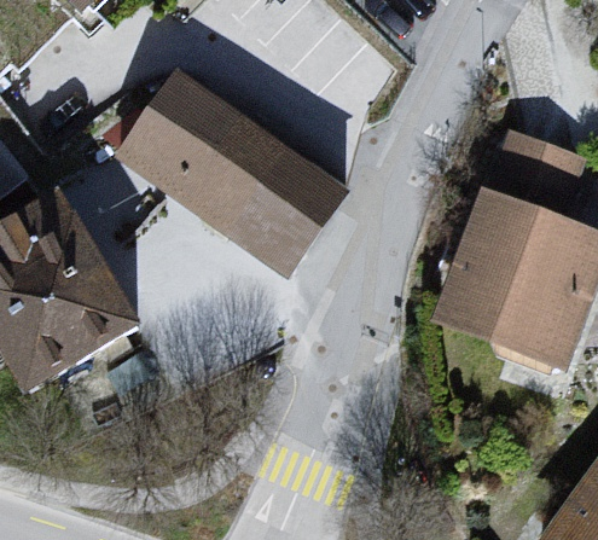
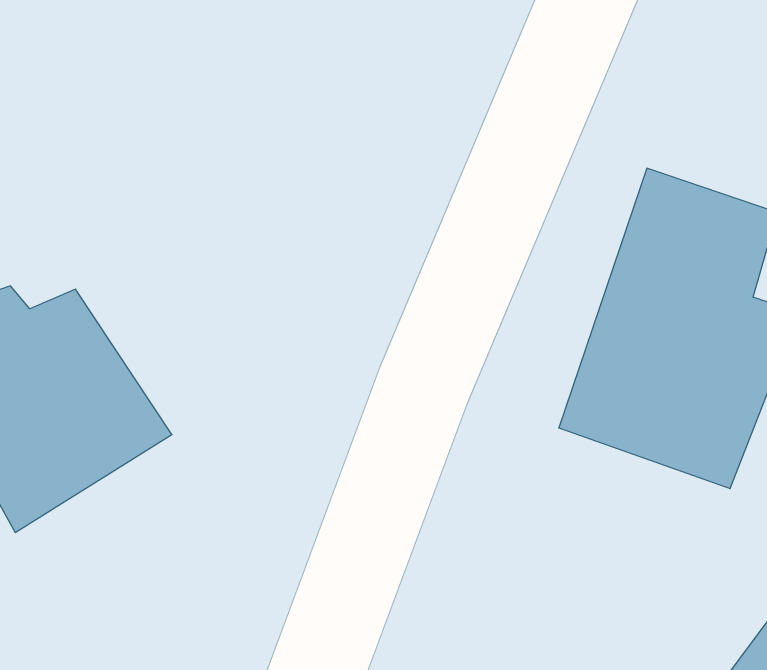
building: [106,74,350,278] -> none

